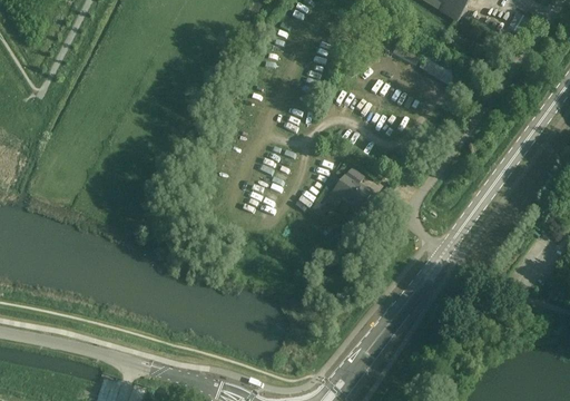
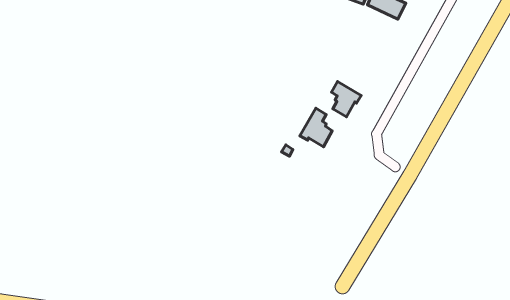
building: none -> [332,82,361,117]

